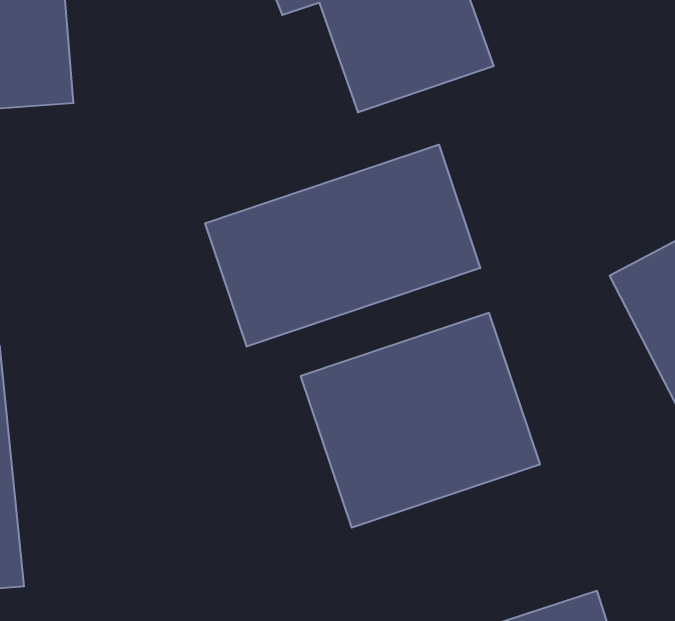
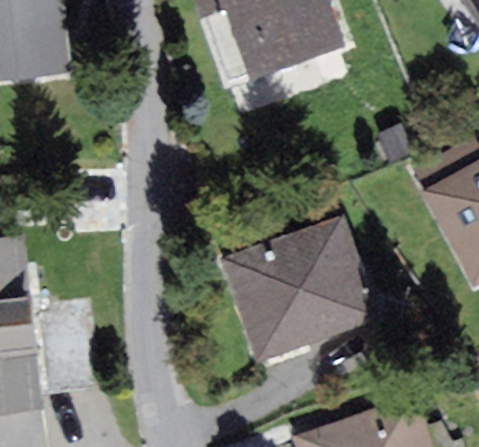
building: [205,145,480,347] -> none

